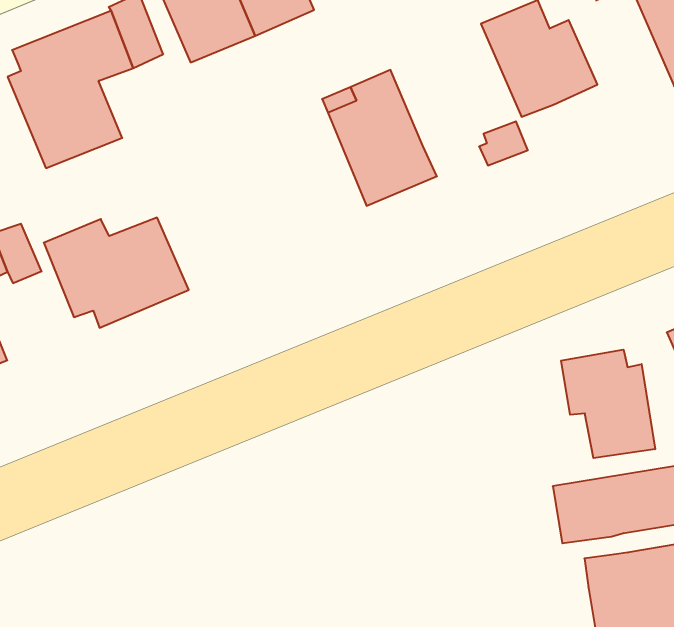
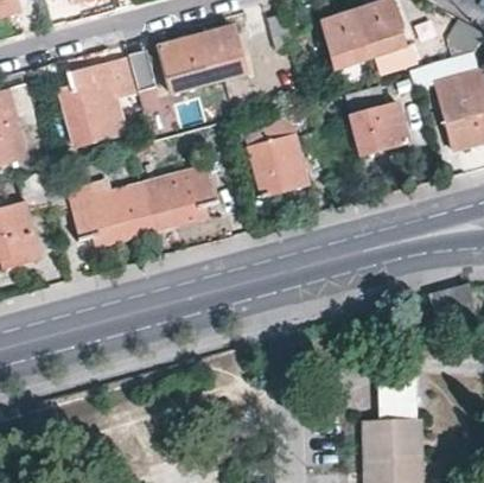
building: none -> [138,167,211,229]
building: [561,350,655,458] -> none

